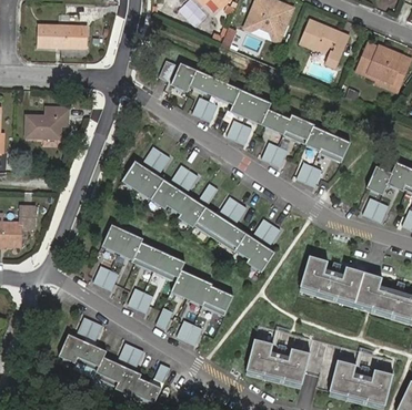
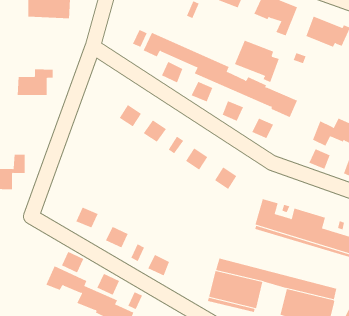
building: none -> [234,40,279,83]
building: [122,161,274,273] -> none
building: [102,225,233,316] -> none

